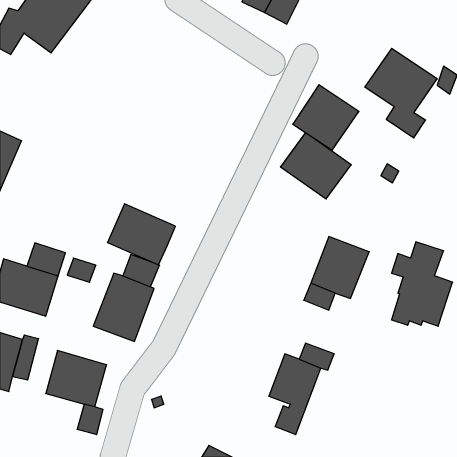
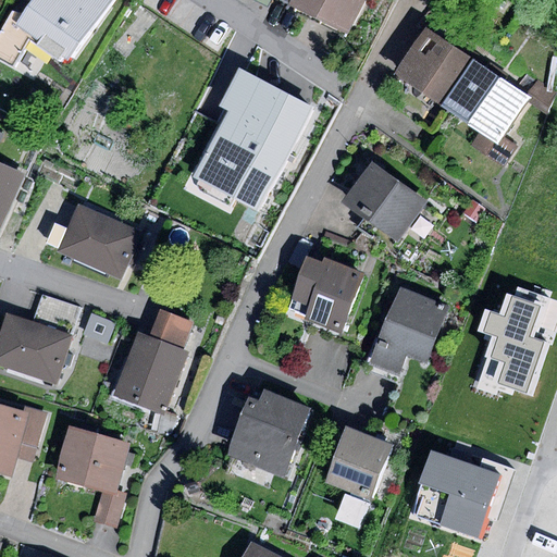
building: none -> [190,66,312,211]
building: [293,85,359,150] -> [395,26,475,106]
building: [107,204,175,265] -> [58,205,140,278]
building: none -> [289,256,364,335]
building: none -> [226,389,310,475]
building: none -> [410,450,500,539]

